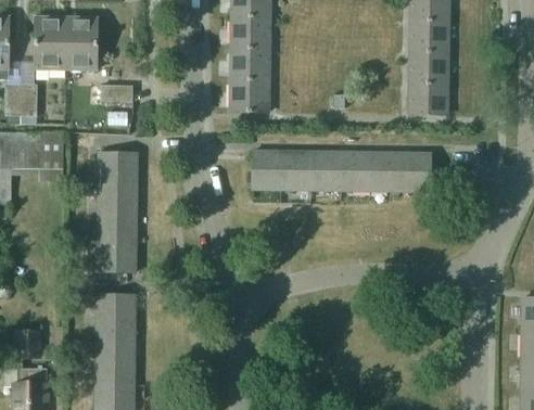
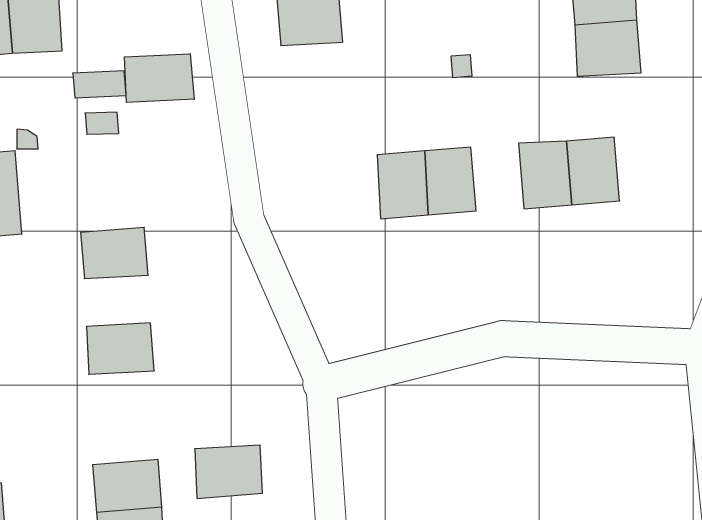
building: none -> [124,54,194,102]
building: [230,80,268,113] -> none
building: [253,151,283,191] -> none
building: [341,152,370,192] -> none
building: [99,154,138,184] -> none
building: [98,213,138,243] -> none
building: [94,296,136,326] -> [195,445,262,499]

